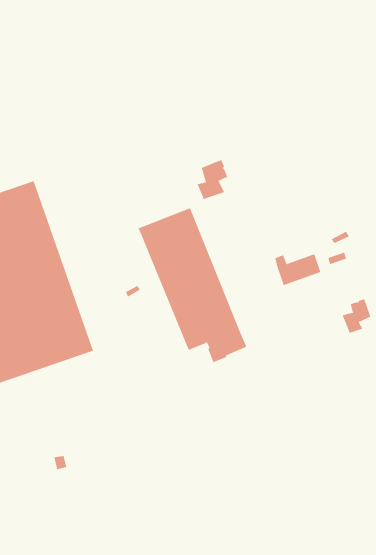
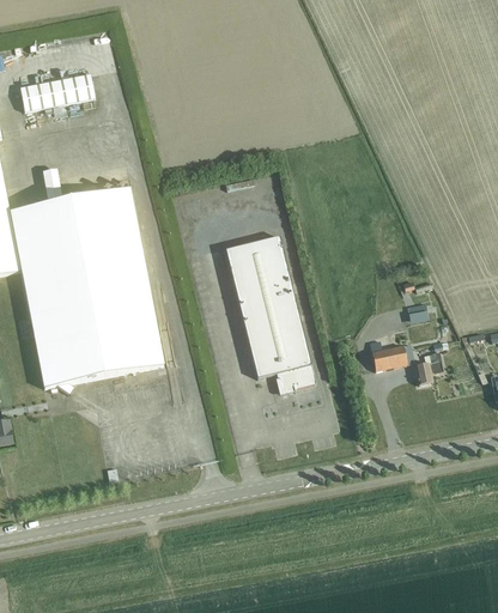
building: [197,159,228,200] -> none
building: [274,254,321,286] -> [370,339,414,370]

